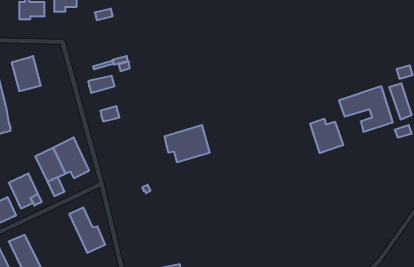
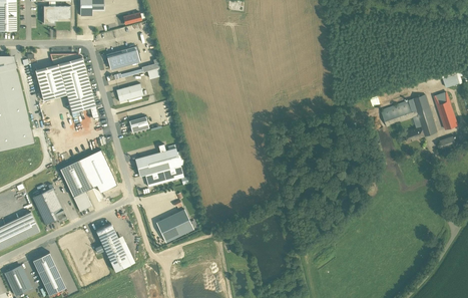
building: none -> [105,45,139,69]
building: none -> [49,53,94,111]
building: [310,119,343,153] -> none
building: [164,125,210,162] -> [134,146,182,186]
building: none -> [155,208,193,242]

